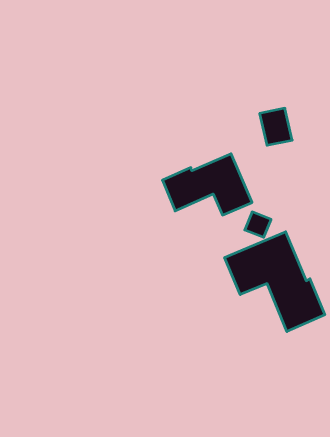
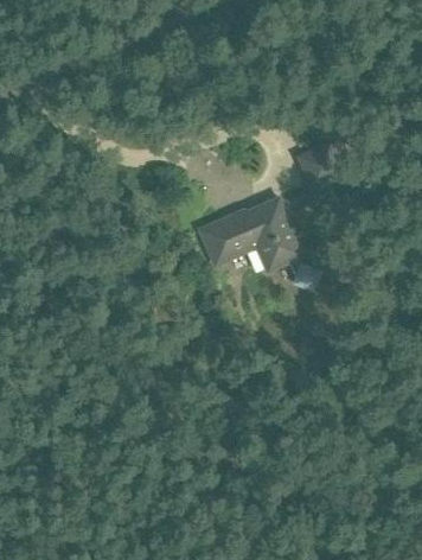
building: [225,232,325,332] -> none

